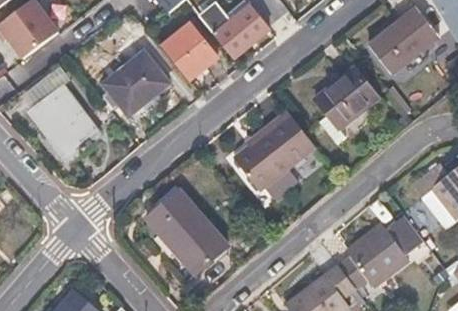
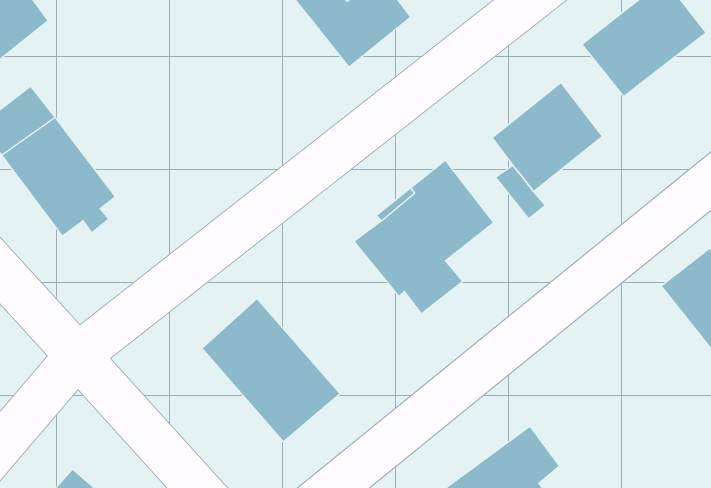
building: [161,23,217,80] -> none
building: [102,51,169,115] -> none
building: [338,216,424,290] -> none

